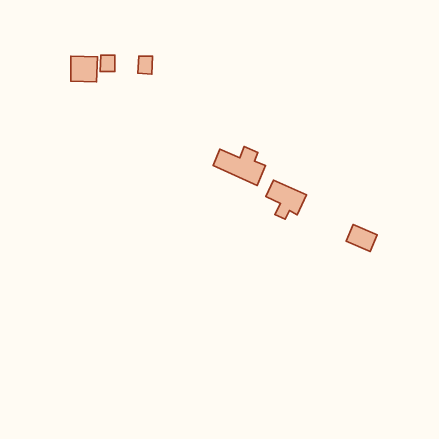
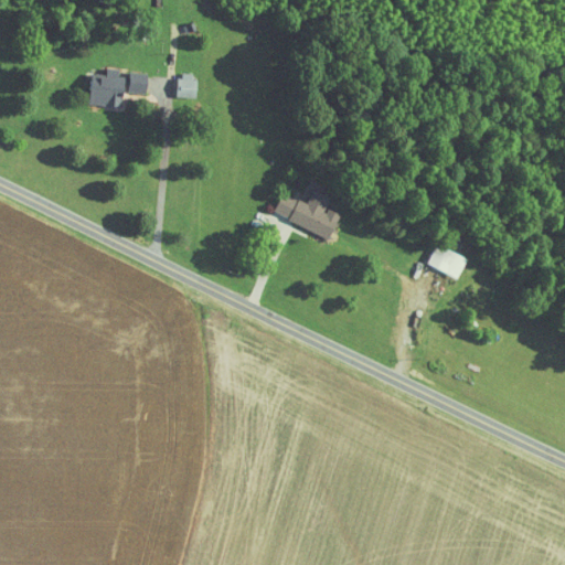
building: [266,180,307,219] -> none
building: [346,225,377,251] -> [426,245,466,279]

